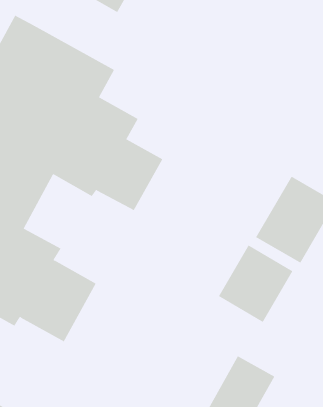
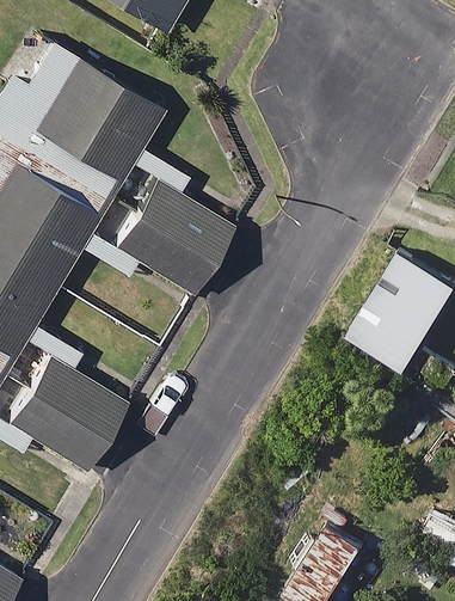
building: [218,245,293,323] -> none

